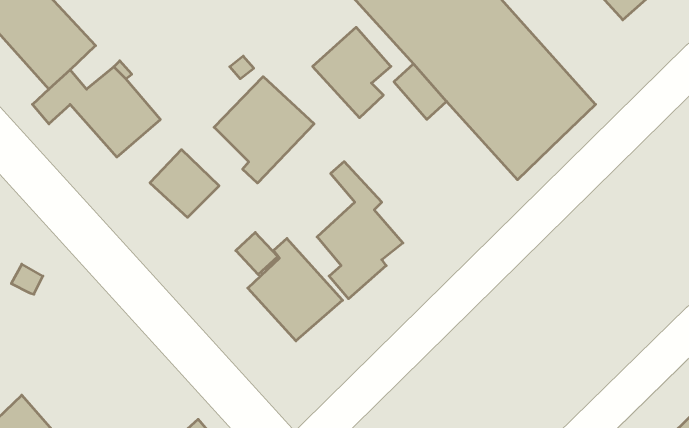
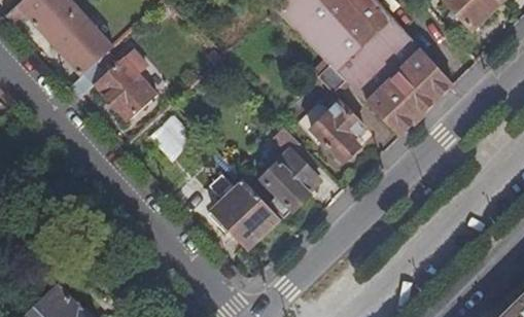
building: [313,27,391,118] -> [312,100,365,162]
building: [214,77,314,183] -> none

